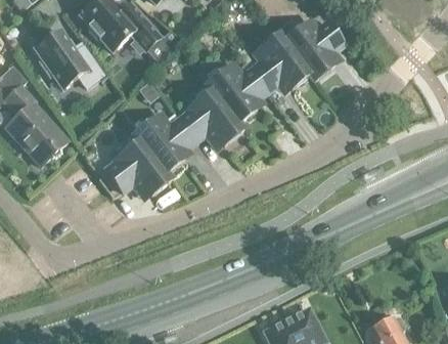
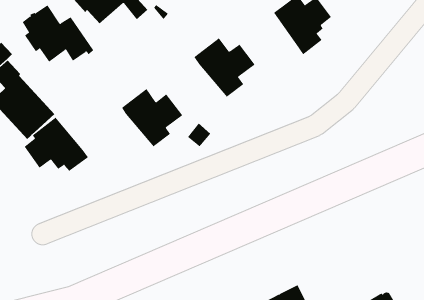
building: [252,33,309,90] -> none
building: [179,90,242,143] -> none
building: [106,139,171,194] -> [24,117,89,172]

